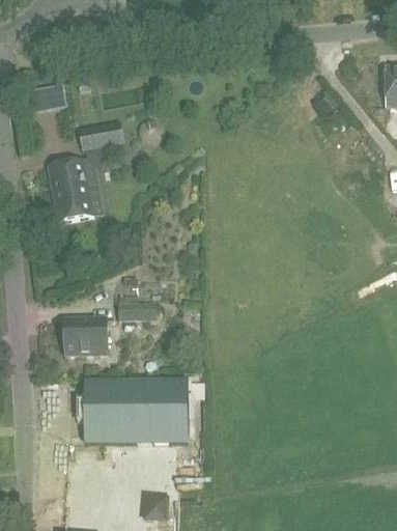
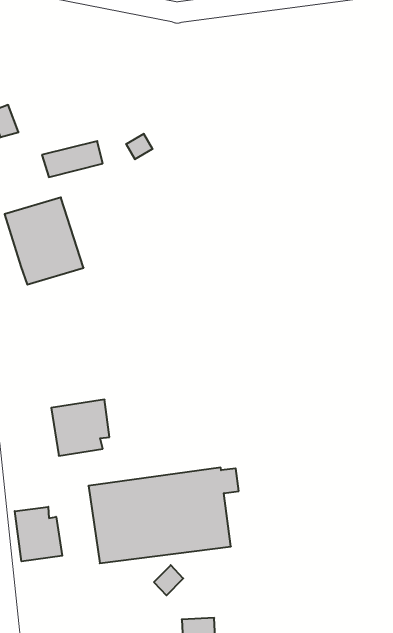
building: [118,300,153,318] -> none
building: none -> [15,507,62,561]

